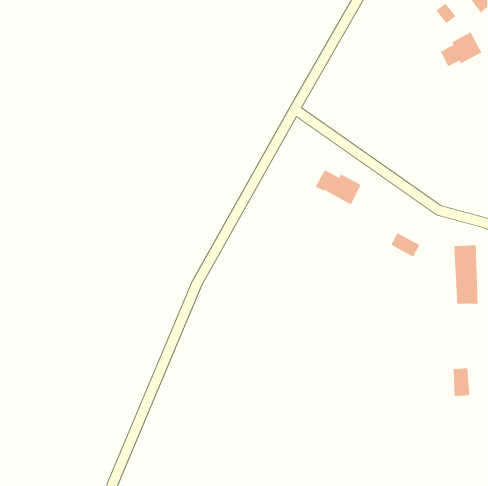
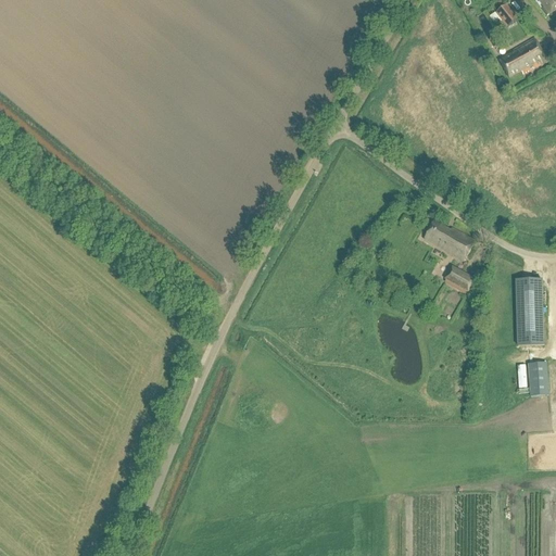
building: [315,170,362,205] -> [422,220,476,261]
building: [453,368,470,396] -> [529,362,548,394]

